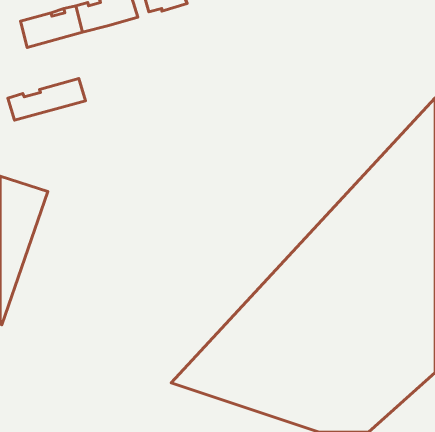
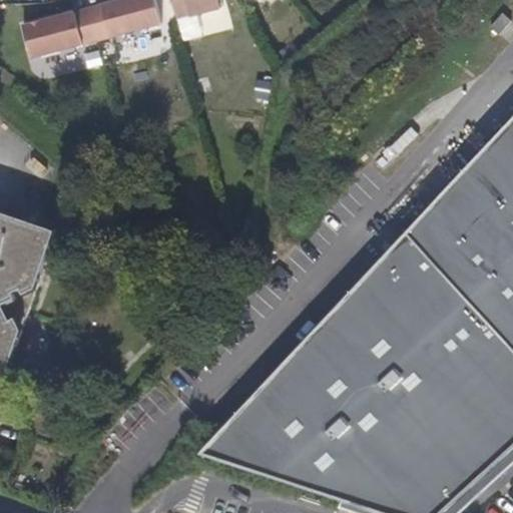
building: [8,79,86,120] -> none

